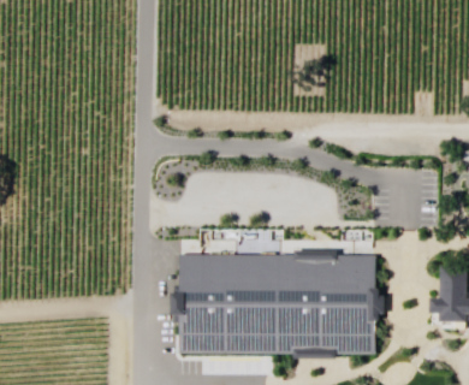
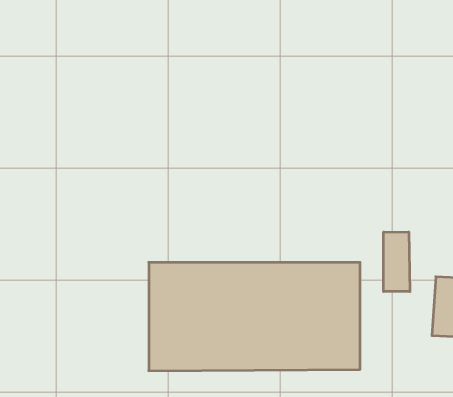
building: none -> [384,232,410,292]

